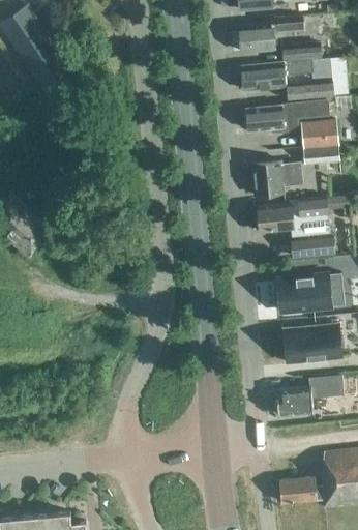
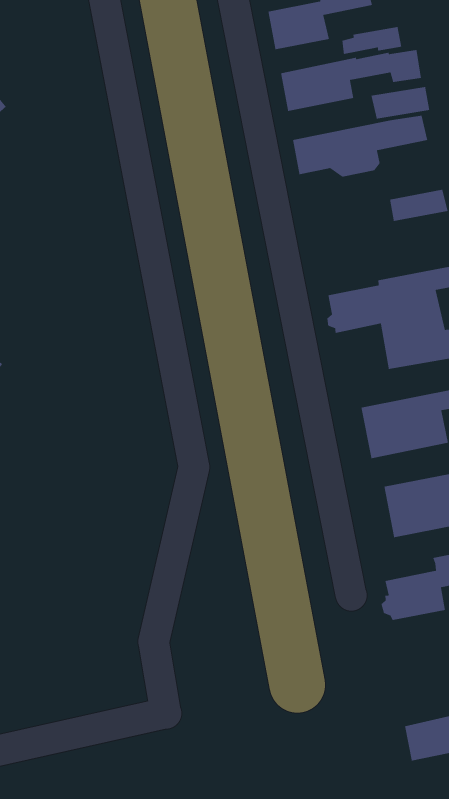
building: [301,118,337,147] -> none
building: [251,160,302,194] -> none

